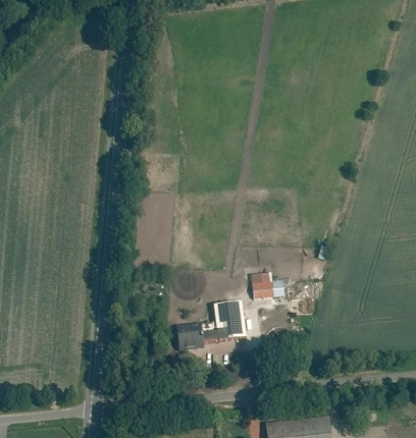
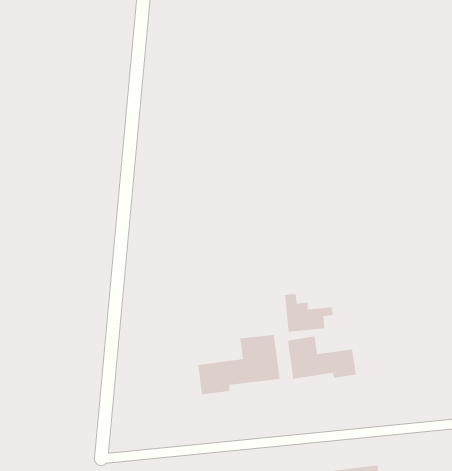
building: none -> [287,336,357,379]

